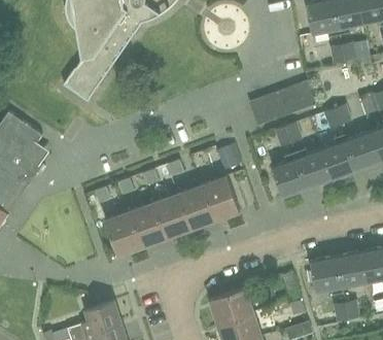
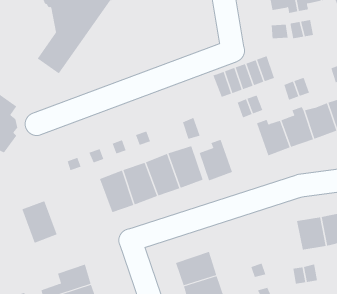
building: [272,152,308,197] -> [199,139,233,181]
building: [105,211,143,257] -> [21,200,58,243]
building: [311,256,344,296] -> none

